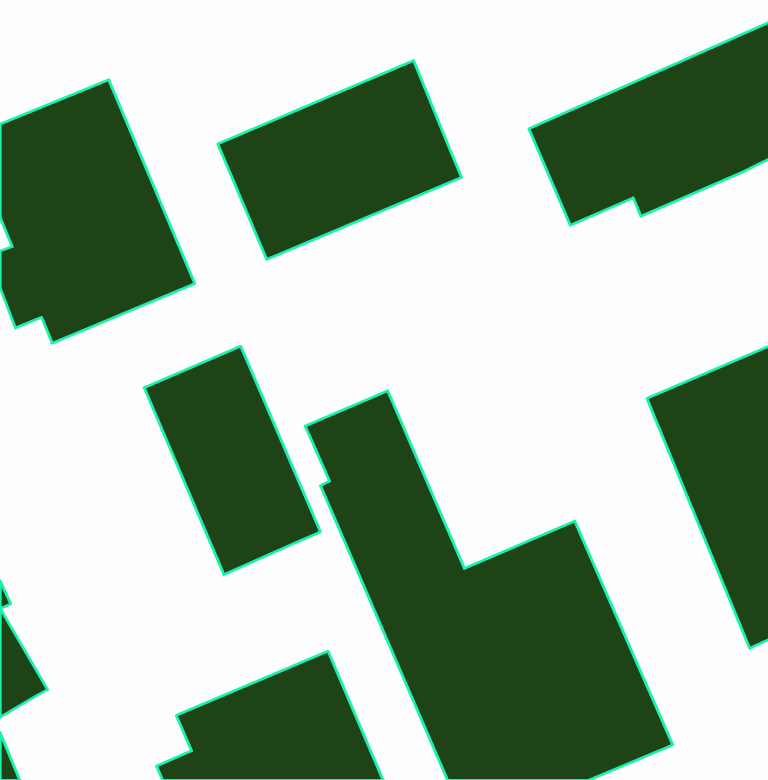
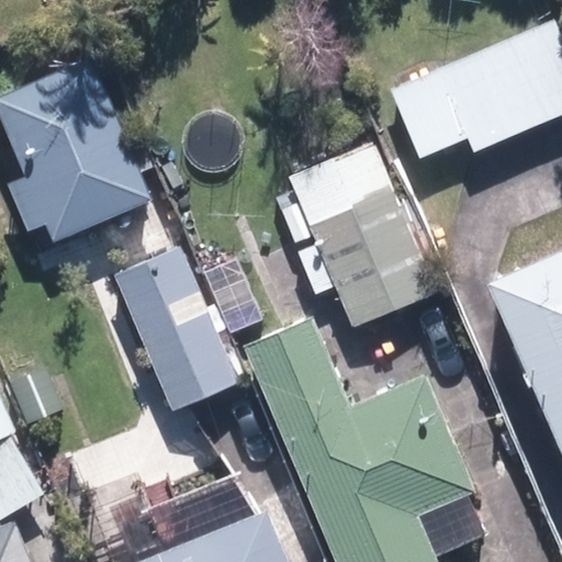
building: [218,60,461,259] -> none
building: none -> [285,136,443,330]

